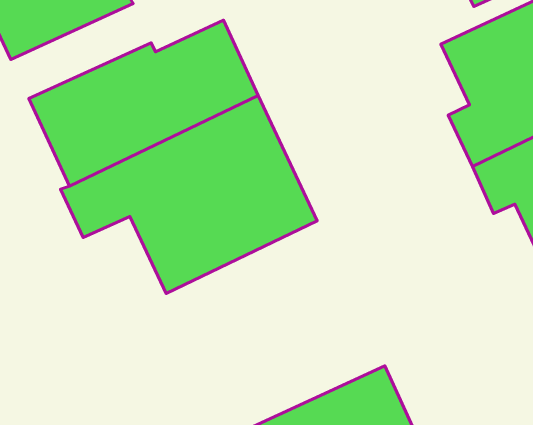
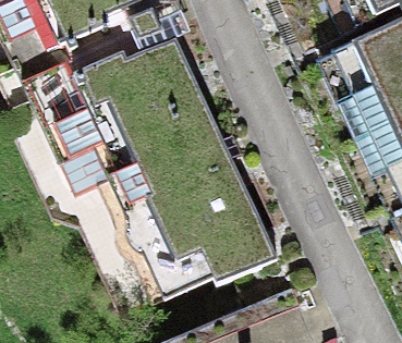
building: none -> [133,177,276,295]

